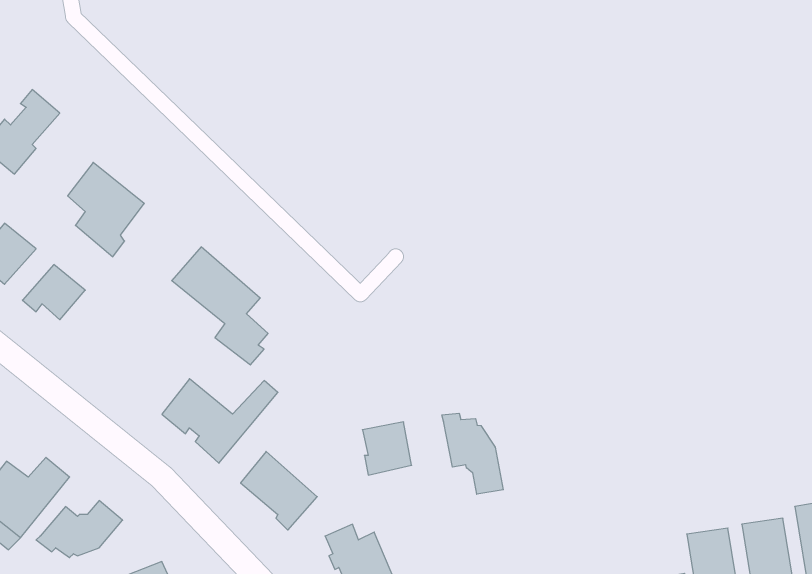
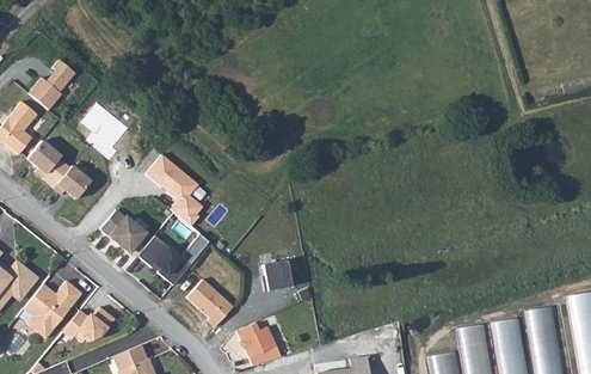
building: none -> [101,209,147,252]
building: [442,413,503,494] -> none

